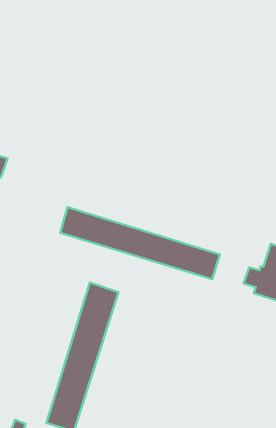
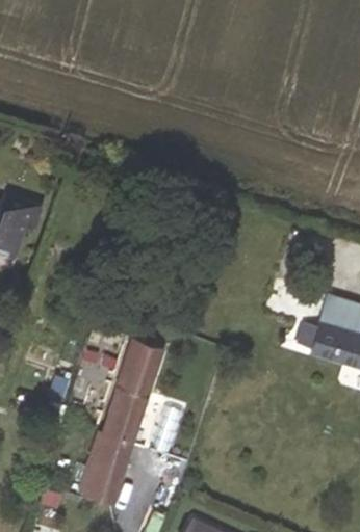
building: [60,207,220,279] -> none

